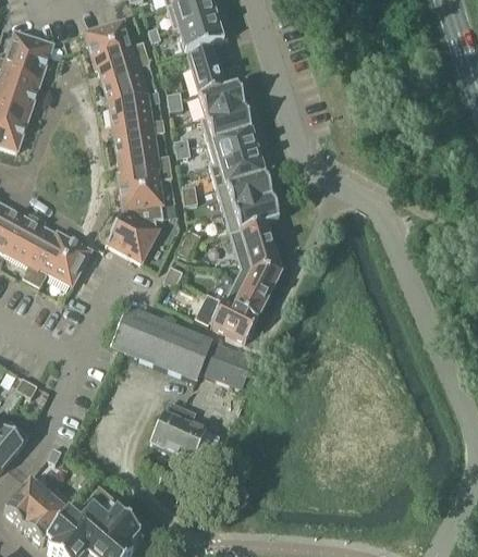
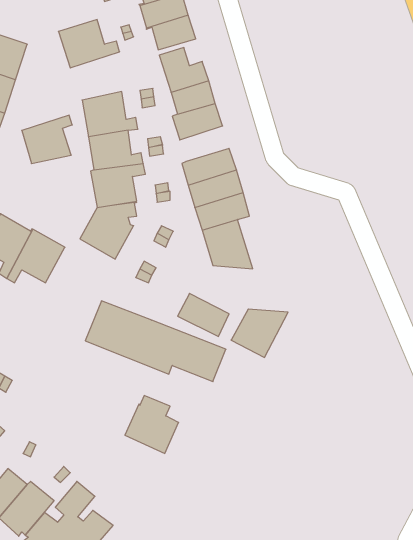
building: [99,53,150,102] -> [22,115,72,164]
building: [208,128,258,164] -> none
building: [224,270,282,319] -> [231,309,288,357]

